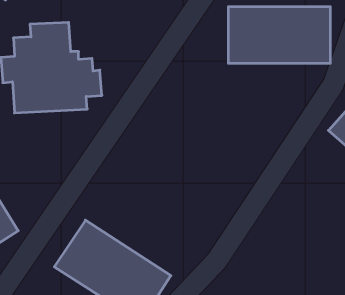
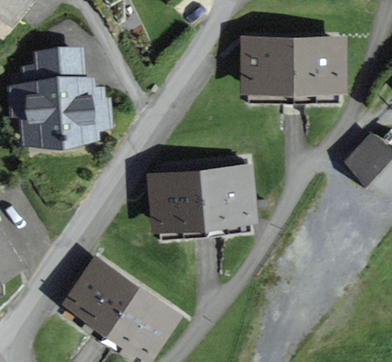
building: none -> [145,164,257,235]

